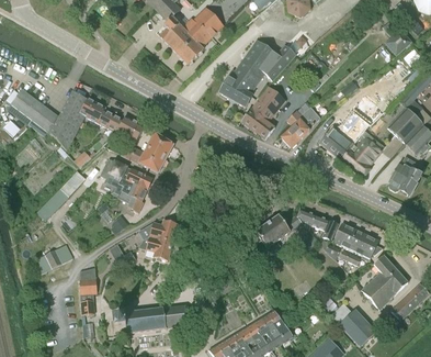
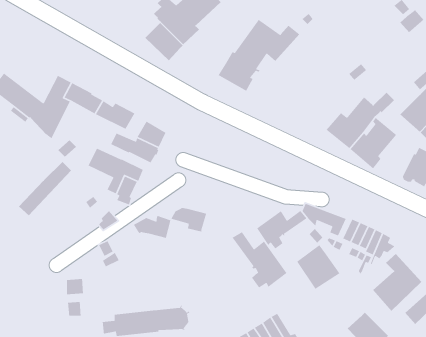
building: none -> [145,22,184,61]
building: [240,86,285,140] -> none
building: [281,107,320,147] -> none
building: none -> [231,231,287,289]
building: [138,236,172,259] -> [170,207,207,232]
building: [33,244,72,274] -> none
building: none -> [296,244,340,290]

